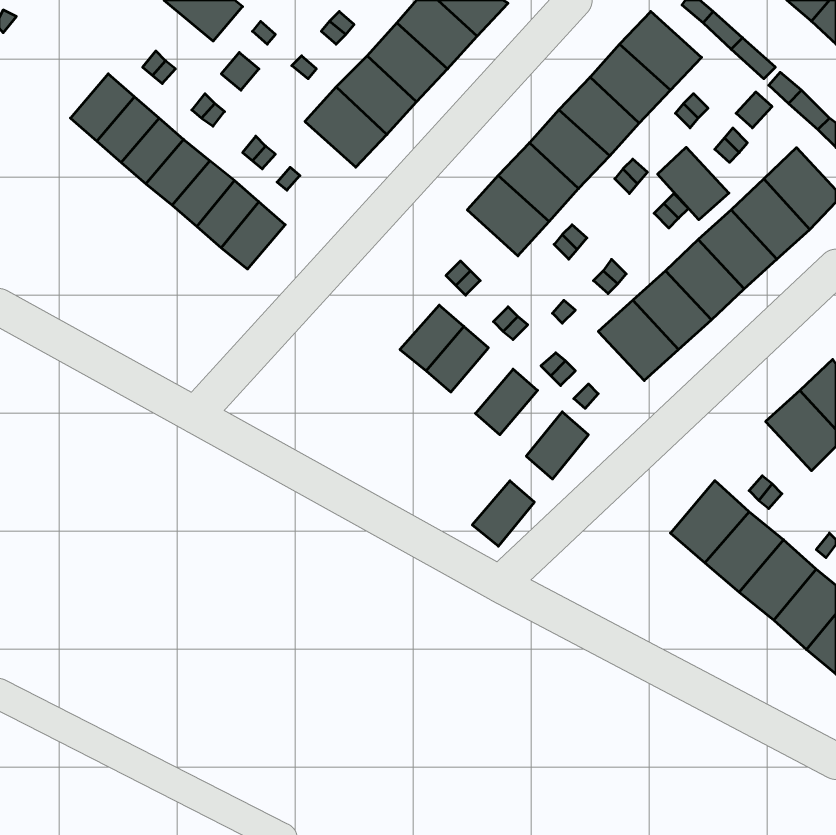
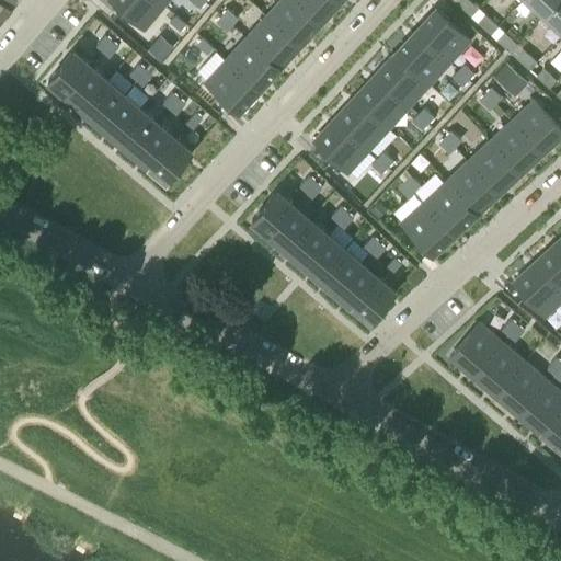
building: [658,147,729,220] -> none
building: none -> [251,191,294,236]
building: none -> [301,234,343,278]
building: [472,481,534,546] -> [334,263,376,307]

